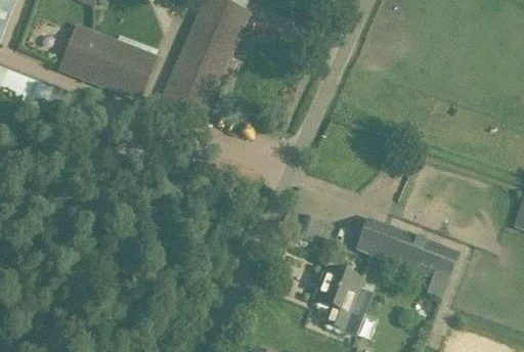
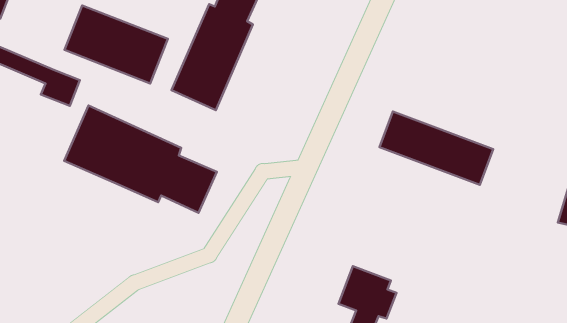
building: none -> [64,105,217,213]
building: [354,217,458,284] -> [380,111,493,185]

